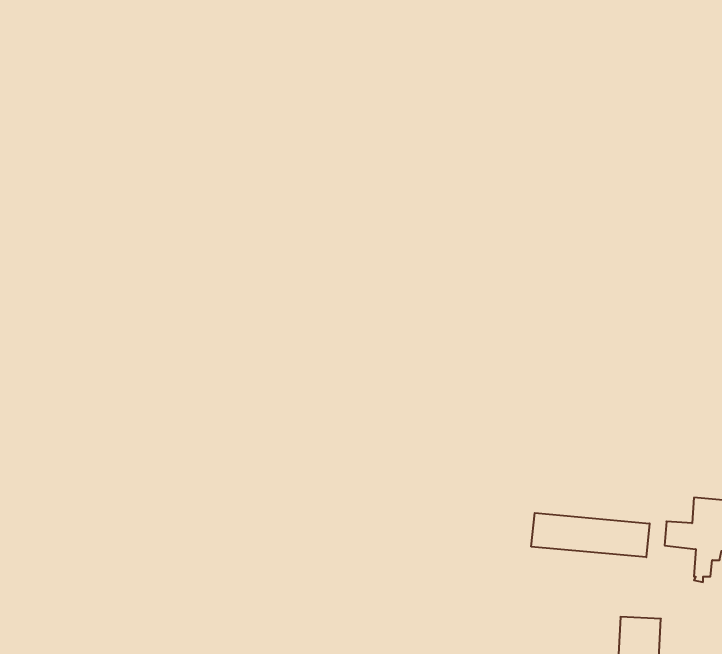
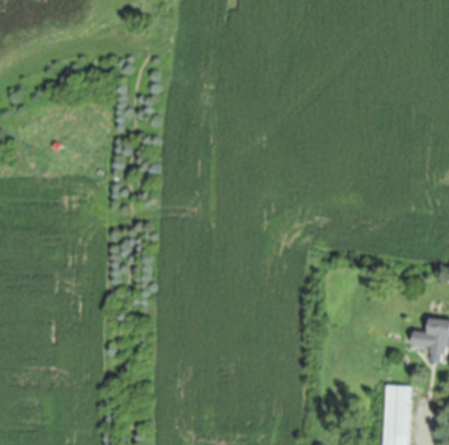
building: [531,513,650,557] -> none

